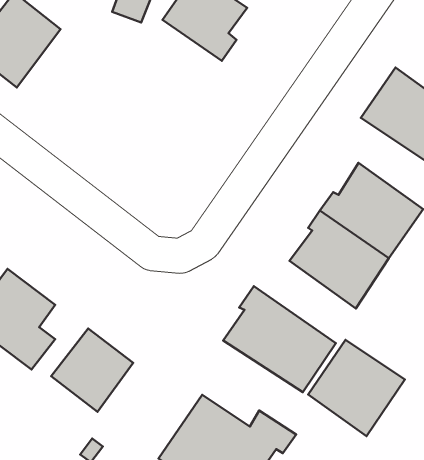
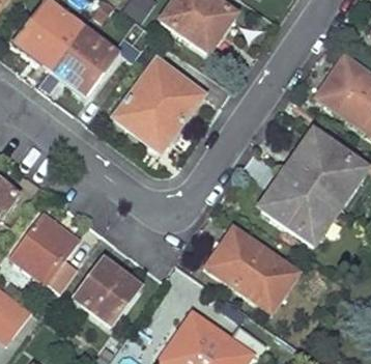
building: none -> [48,26,120,101]
building: none -> [112,57,203,150]
building: [308,340,405,436] -> none

